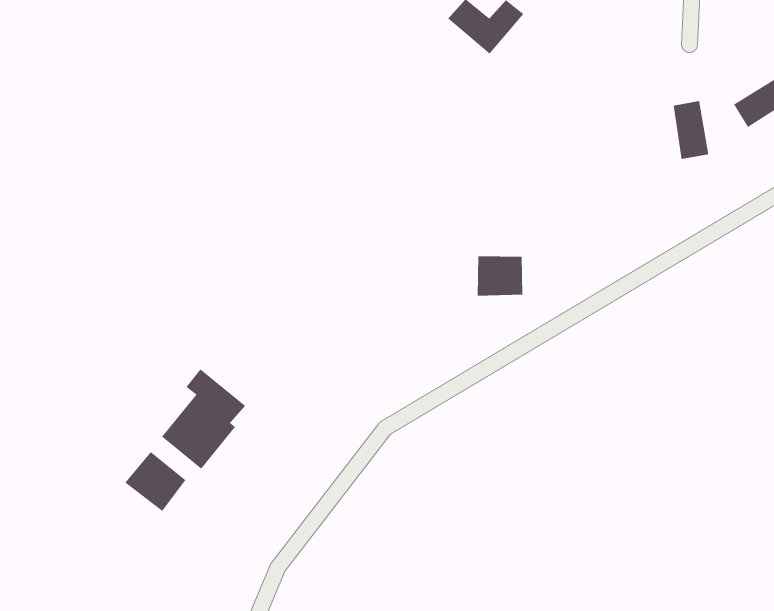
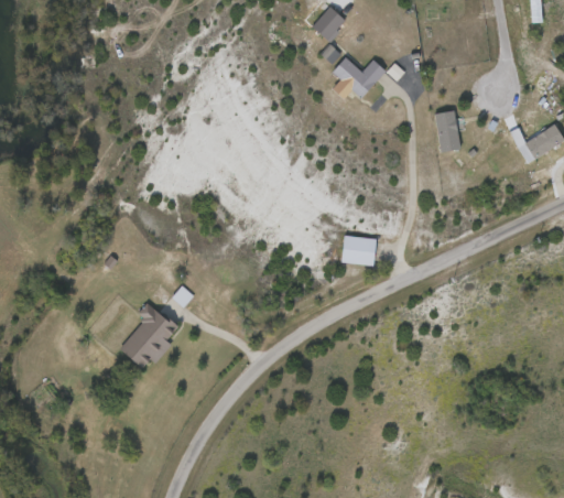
building: [673,101,709,160] -> [436,111,459,151]
building: [125,451,186,512] -> none

